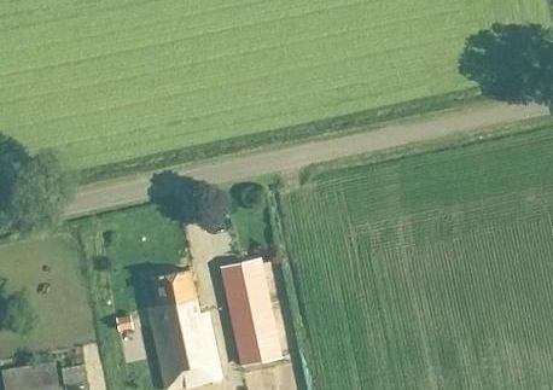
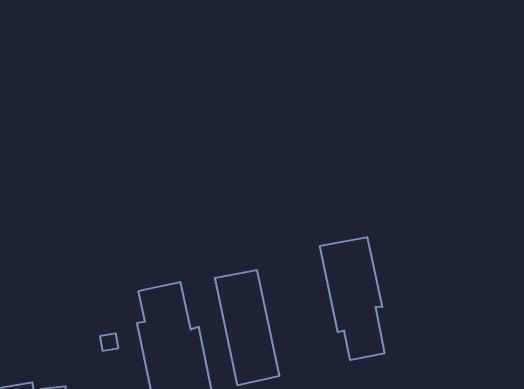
building: none -> [320,237,384,360]

